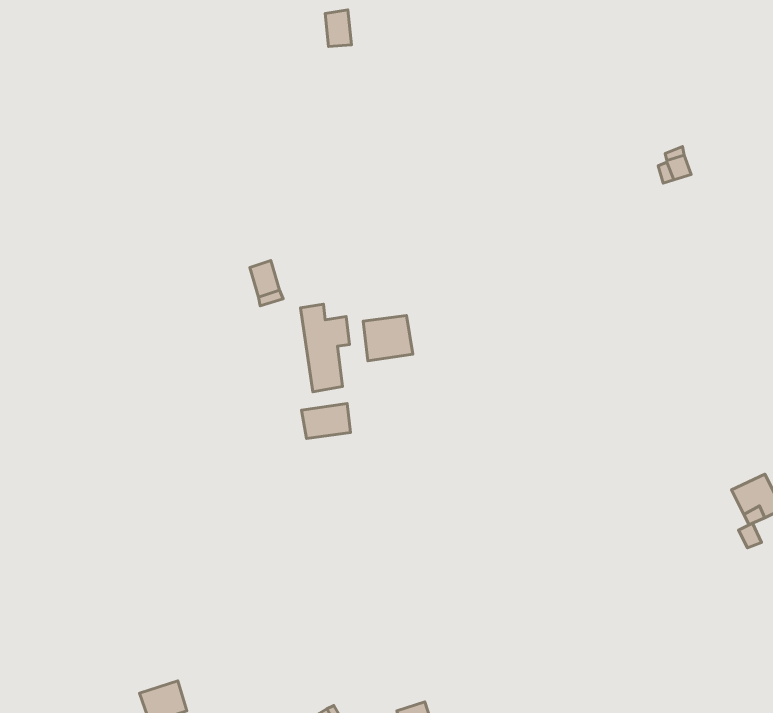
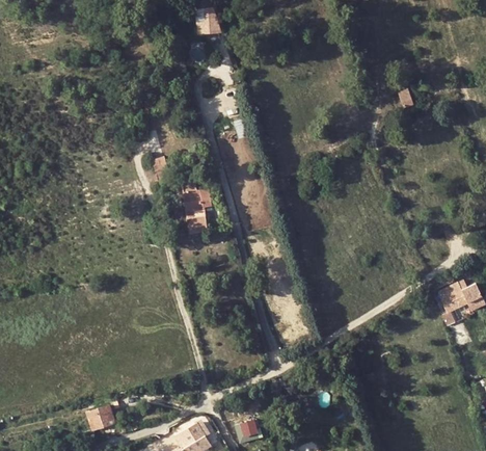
building: [363,315,413,361] -> none
building: [302,403,350,438] -> none

